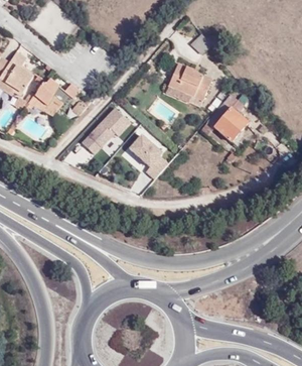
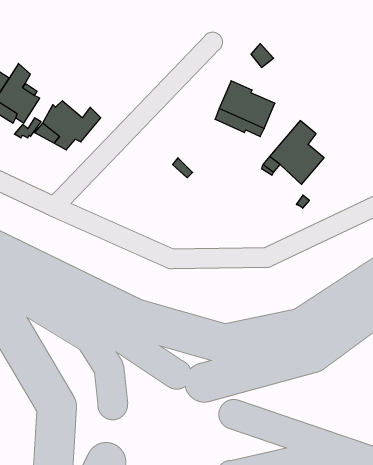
building: [80,108,129,157] -> none
building: [124,137,170,181] -> none

